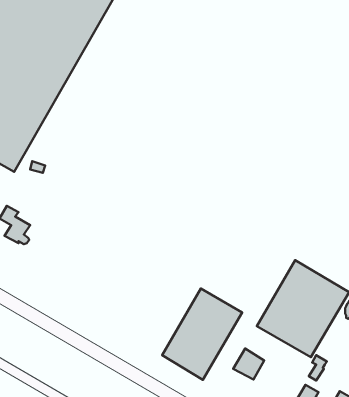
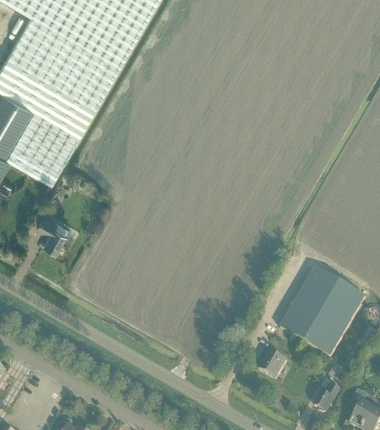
building: [162,289,242,380] -> none

